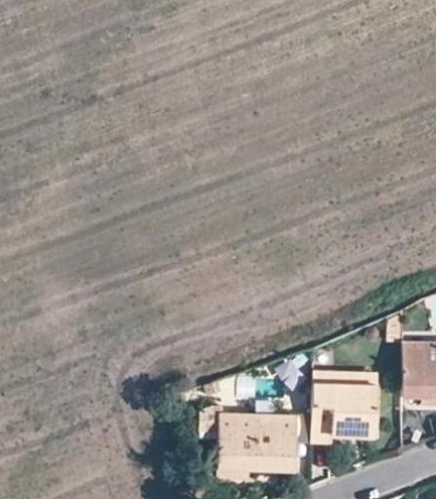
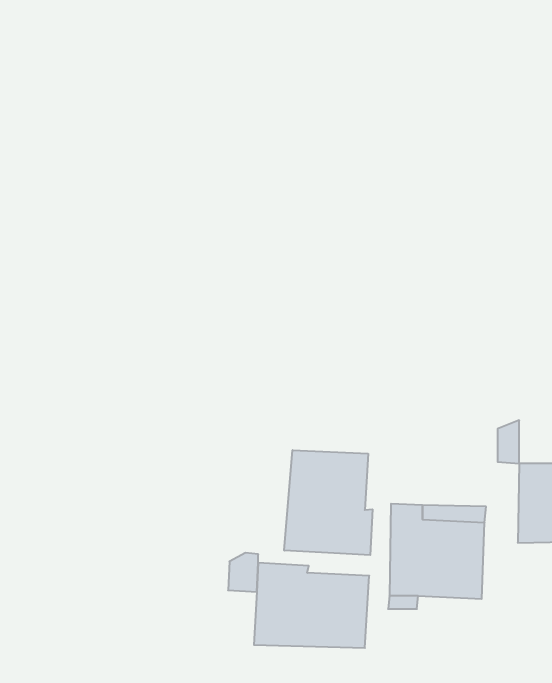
building: none -> [284,450,372,555]

